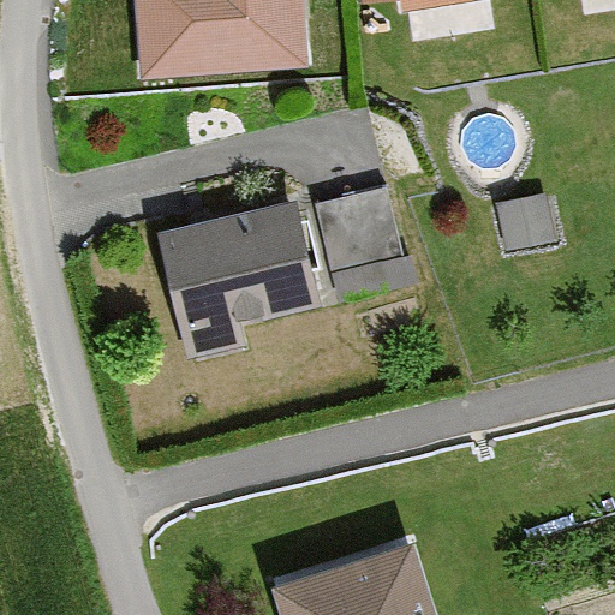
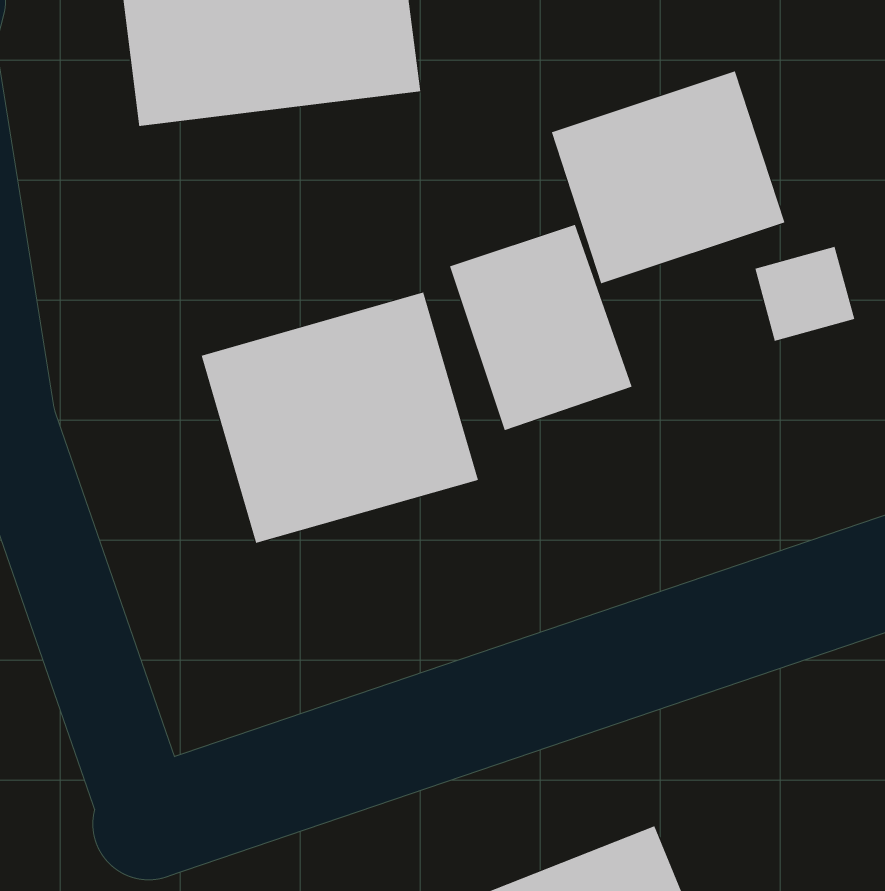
building: none -> [551,70,785,284]

